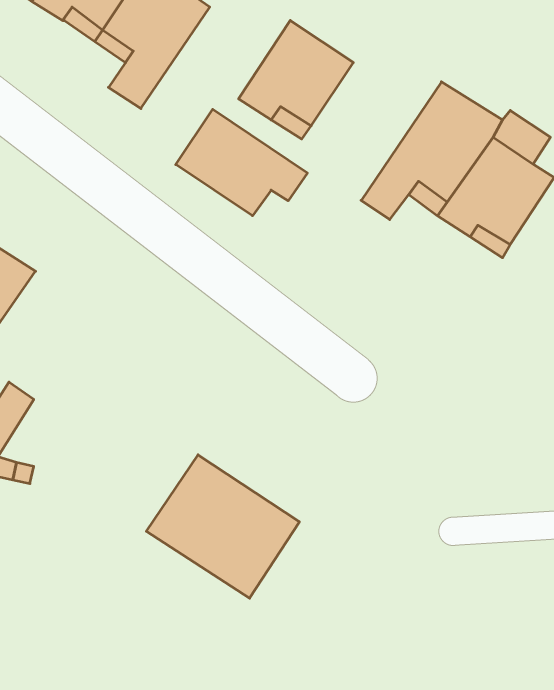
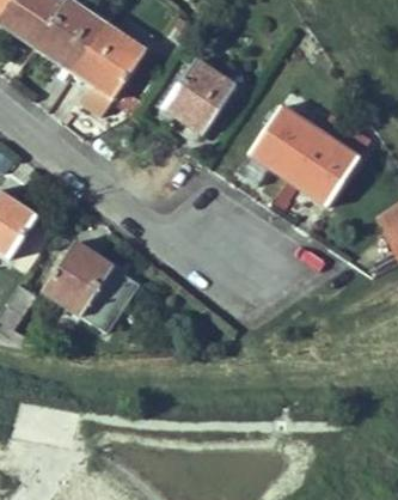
building: [176,109,307,216] -> none
building: [146,455,299,598] -> [43,242,139,331]

